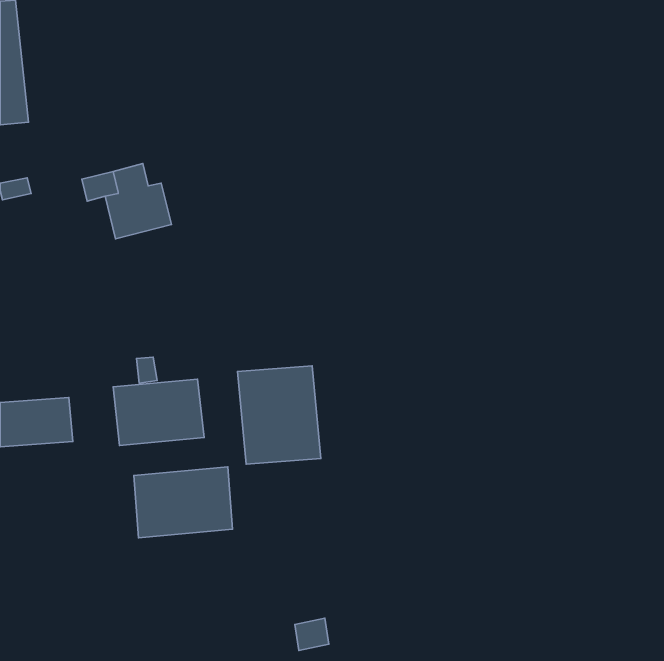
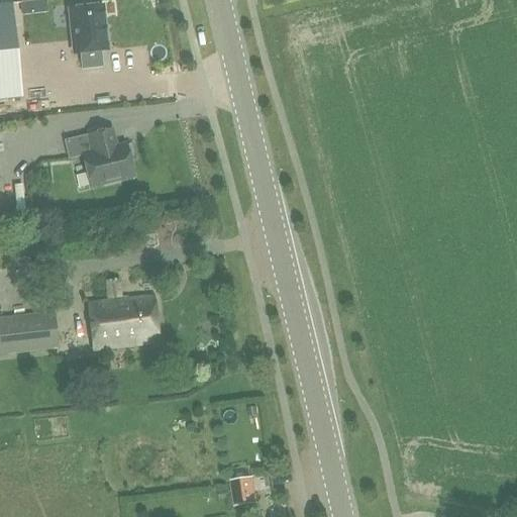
building: none -> [69,4,105,68]
building: [238,366,321,464] -> none
building: [134,467,232,538] -> none

